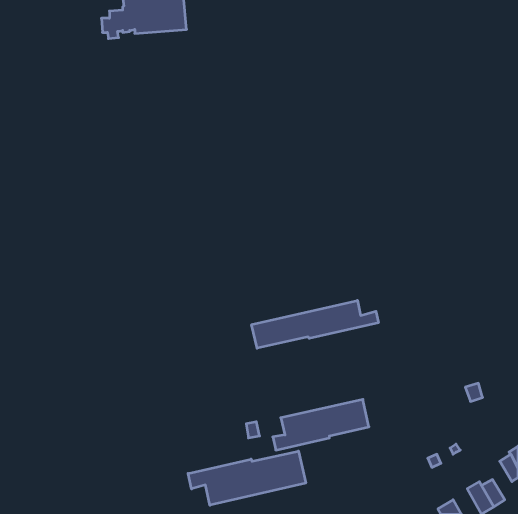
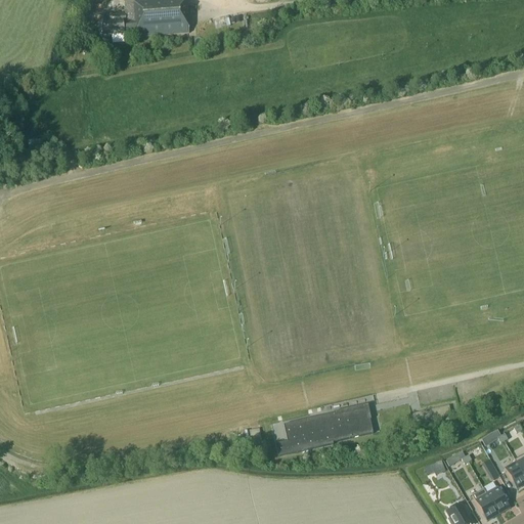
building: [252,300,378,348] -> none
building: [188,451,306,505] -> none

